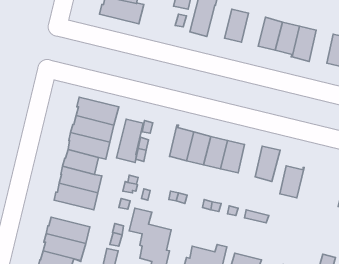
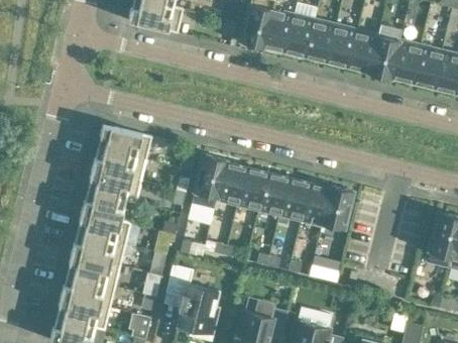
building: none -> [261,9,293,50]
building: none -> [305,19,335,61]
building: none -> [389,40,420,82]
building: [116,119,143,163] -> [191,154,224,209]
building: [280,166,304,198] -> [301,184,331,224]
building: none -> [67,253,120,287]

